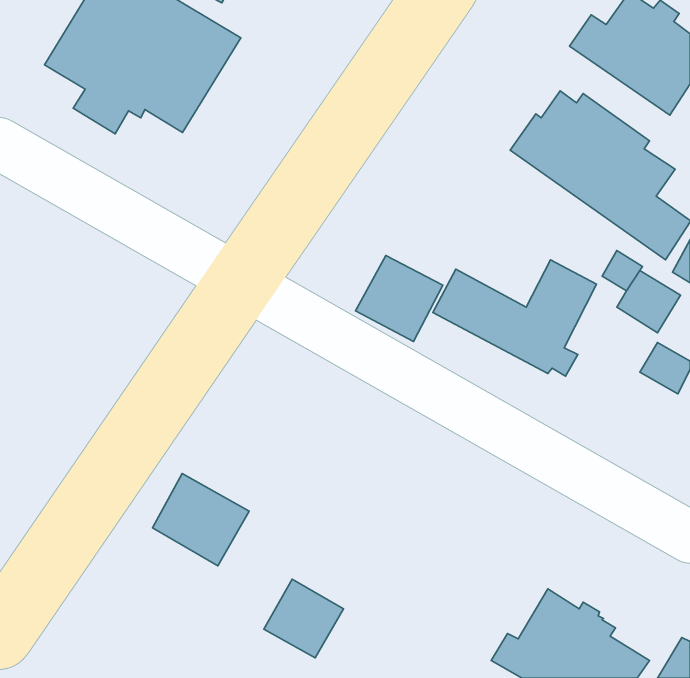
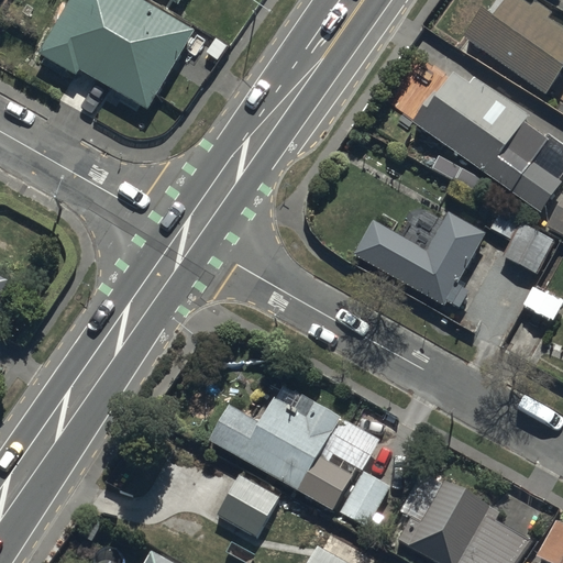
building: [356,256,443,342] -> none
building: none -> [208,385,389,530]
building: [152,474,249,566] -> none

